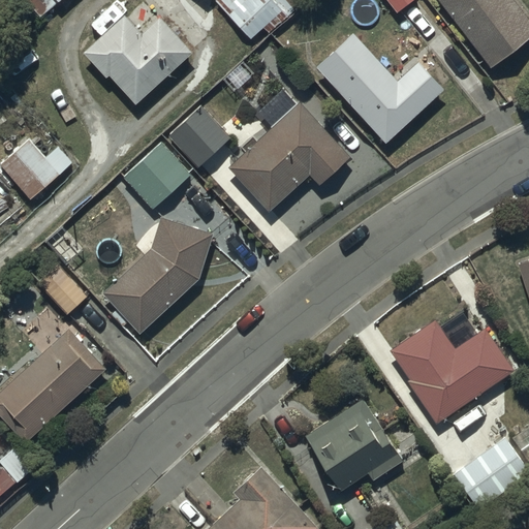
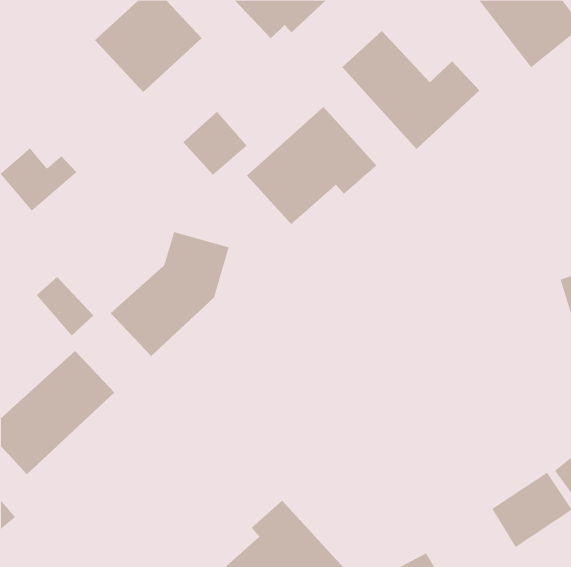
building: [124,144,190,210] -> none
building: [391,319,514,423] -> none
building: [306,396,404,491] -> none

